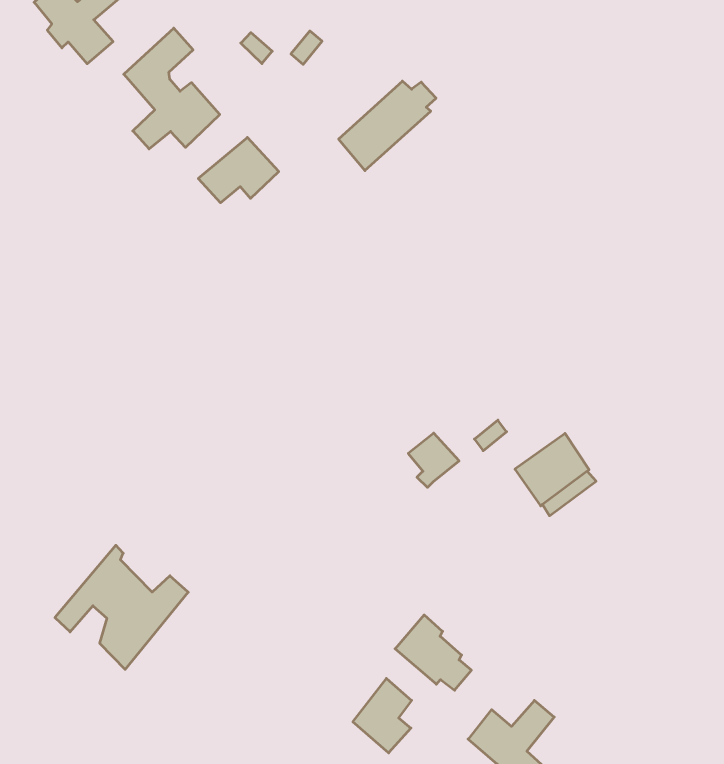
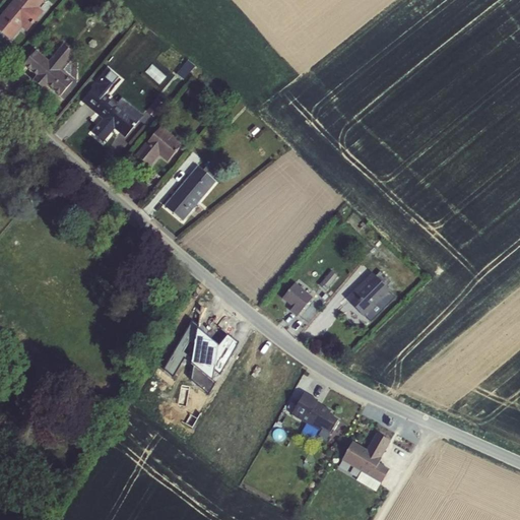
building: [339,81,436,171] -> [165,164,218,220]
building: [55,545,188,669] -> [164,321,240,393]
building: [353,678,412,753] -> none

